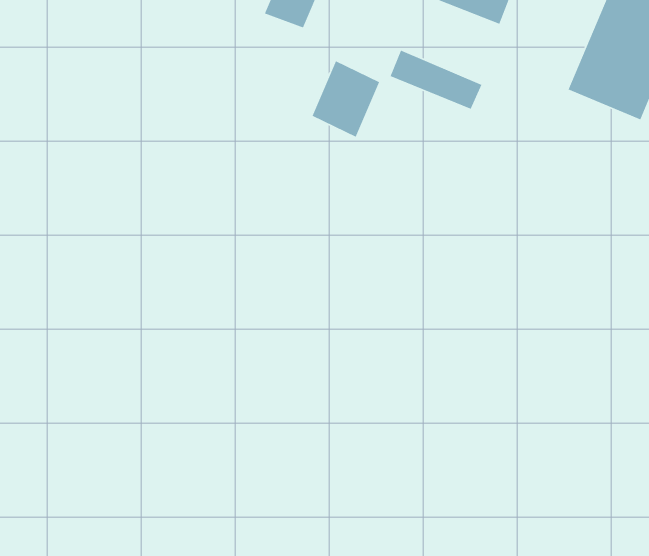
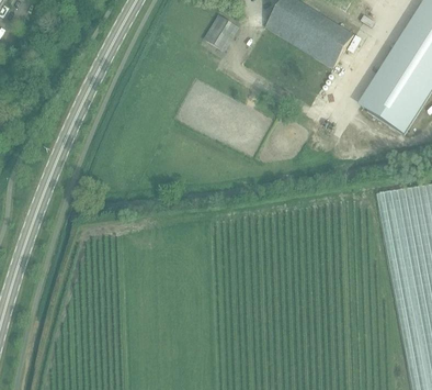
building: [312,60,380,138] -> none

